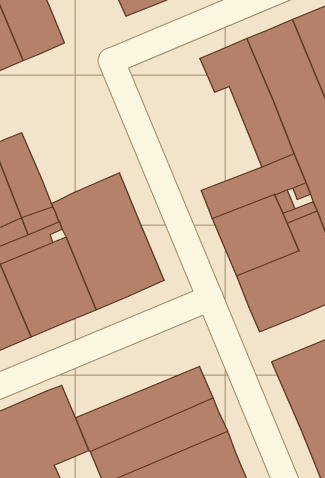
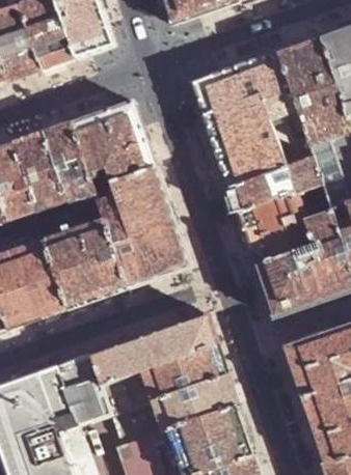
building: none -> [190,67,284,187]
building: none -> [69,102,155,190]
building: none -> [90,314,216,385]

